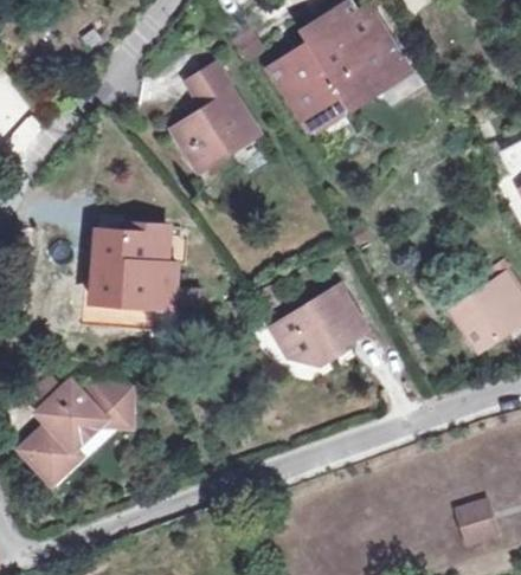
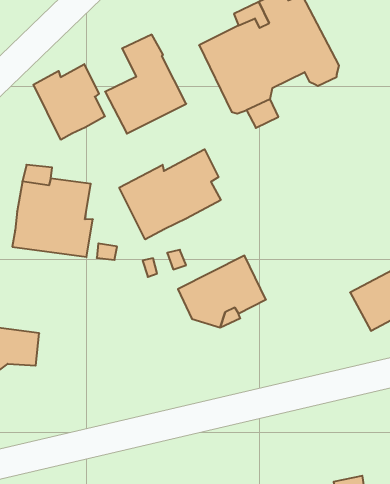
building: none -> [33,64,105,140]
building: none -> [119,149,221,239]

